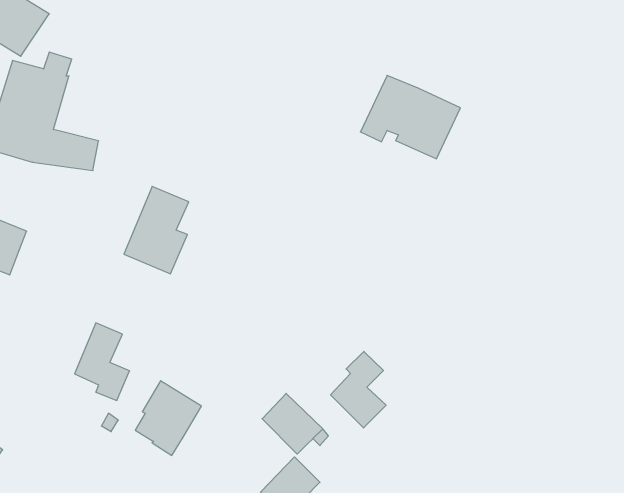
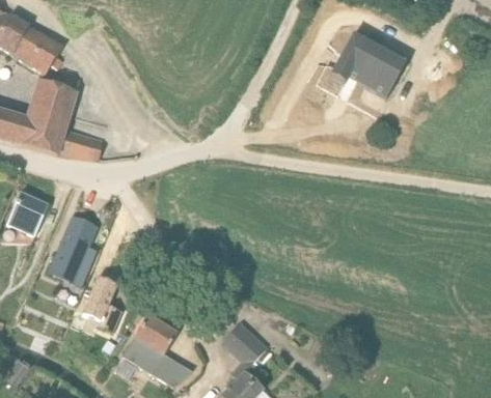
building: [360,75,460,159] -> [332,47,406,108]
building: [124,186,189,274] -> [50,217,98,281]
building: [331,351,386,428] -> none
building: none -> [124,350,191,387]

